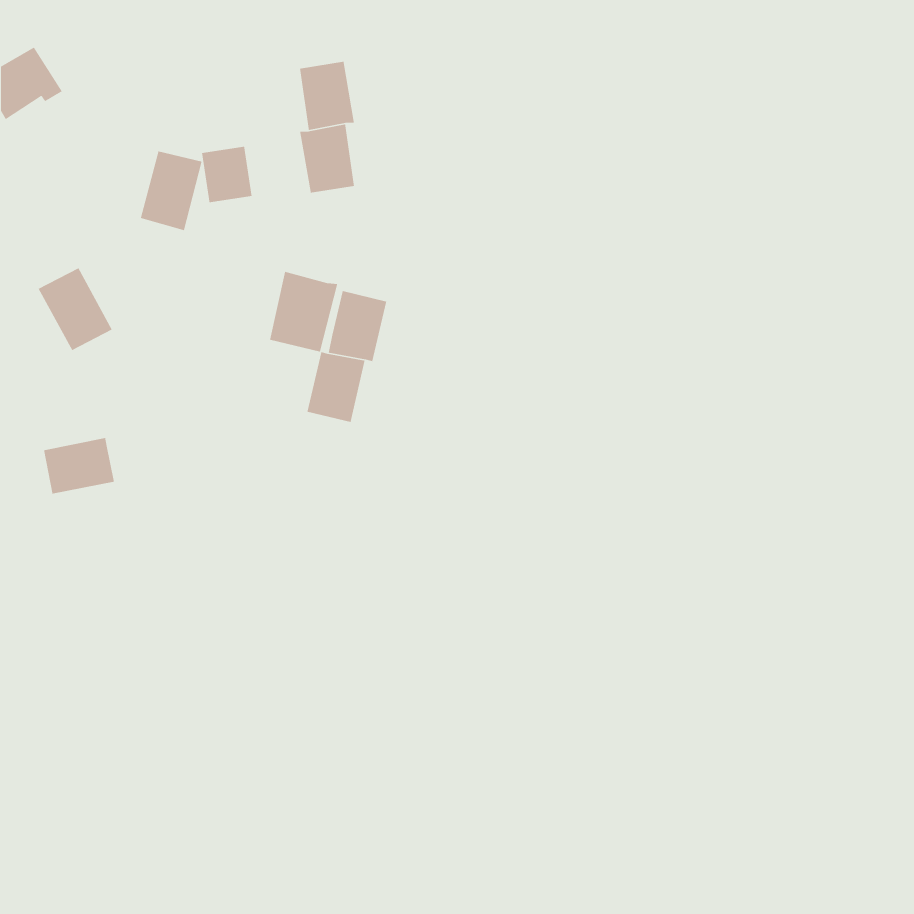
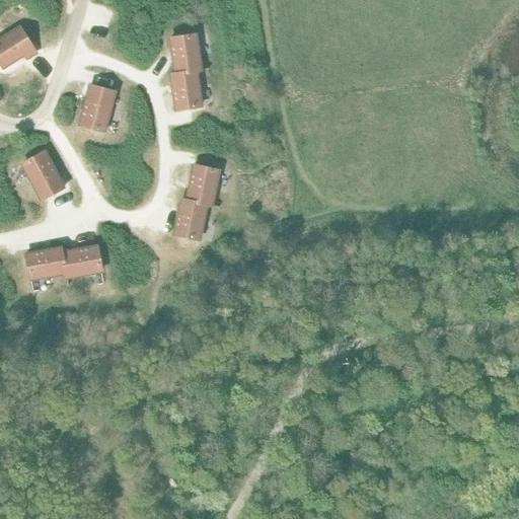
building: [201,146,253,203] -> none
building: [269,271,338,353] -> none
building: none -> [62,245,102,278]

